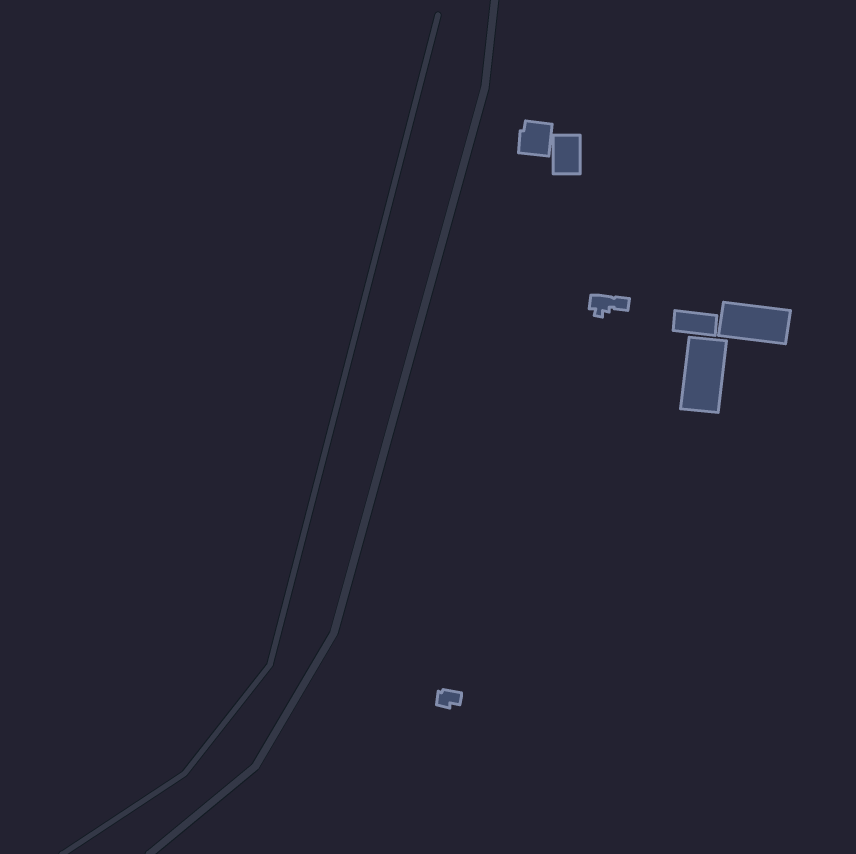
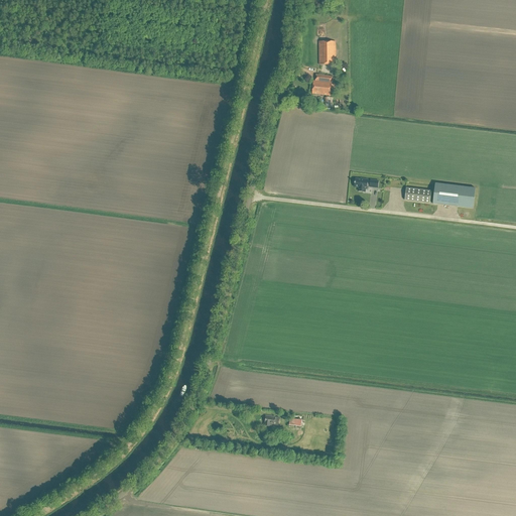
building: [553,135,580,174] -> [318,39,335,62]
building: [680,337,727,412] -> none

